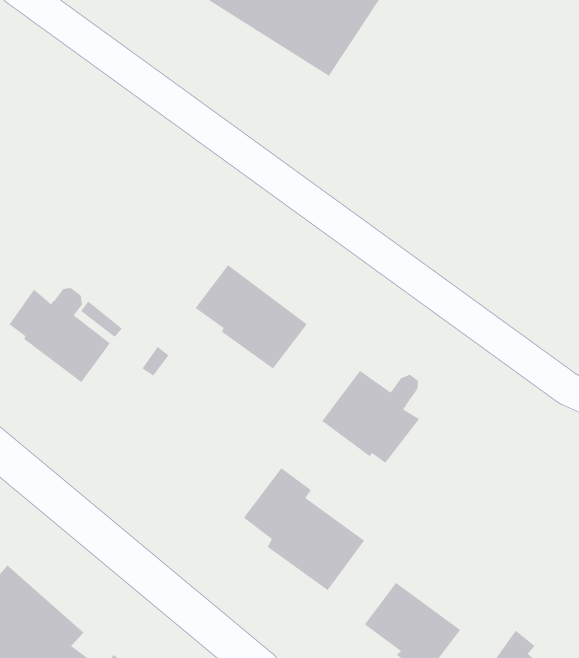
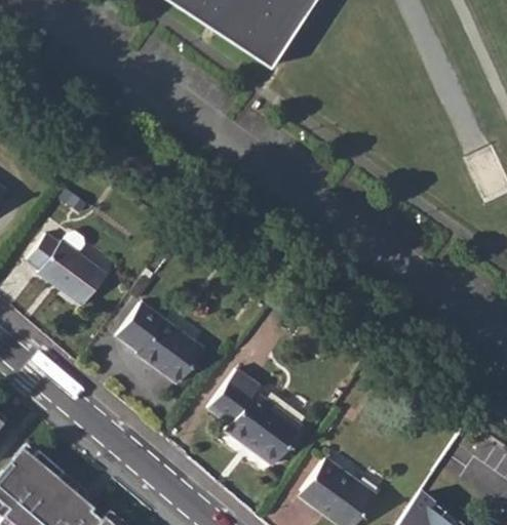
building: [195,264,308,370] -> [116,301,203,382]
building: [321,370,420,464] -> none

